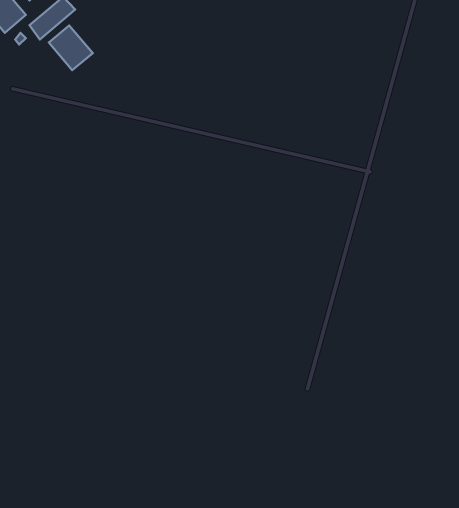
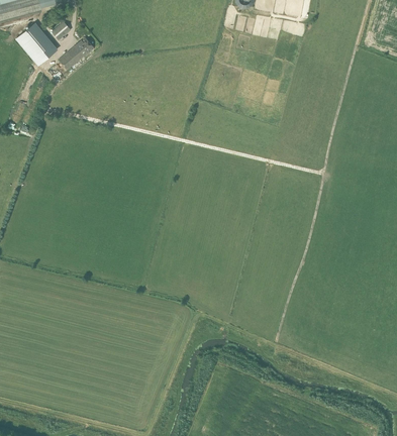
building: [49,25,93,70] -> none

